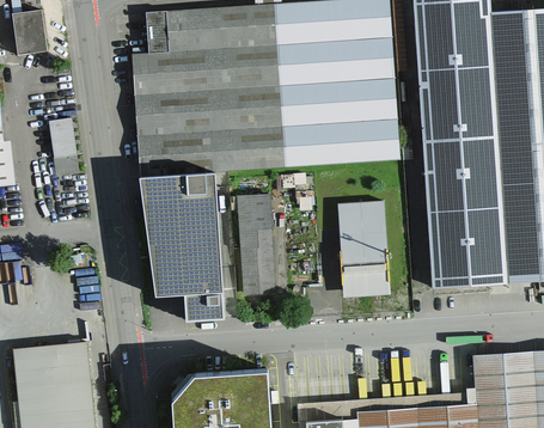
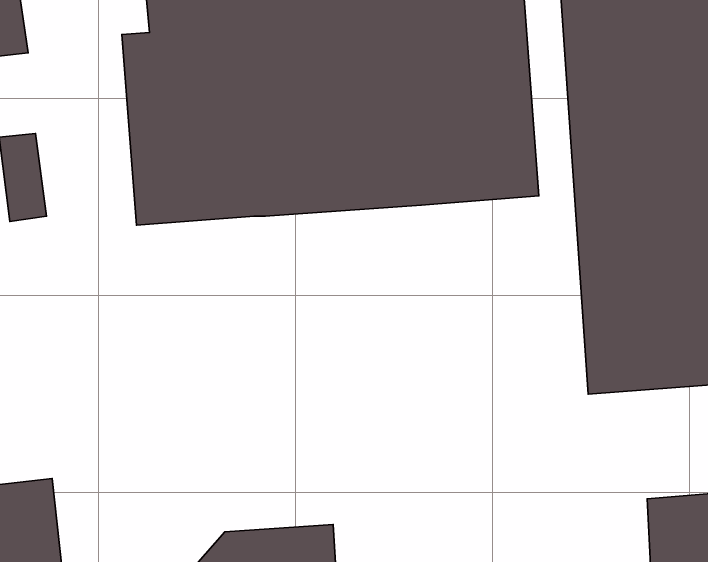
building: [140,171,226,320] -> none
building: [234,188,275,296] -> none
building: [338,202,391,298] -> none

